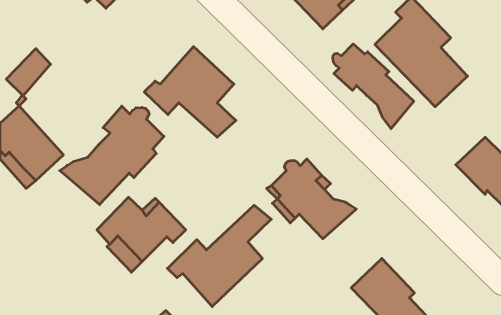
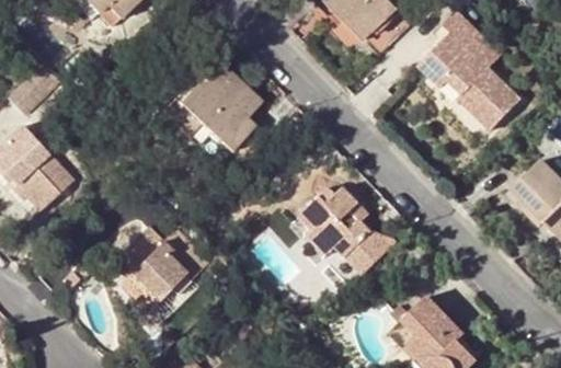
building: [333,44,414,129] -> none
building: [60,106,164,205] -> none
building: [167,205,271,307] -> none

